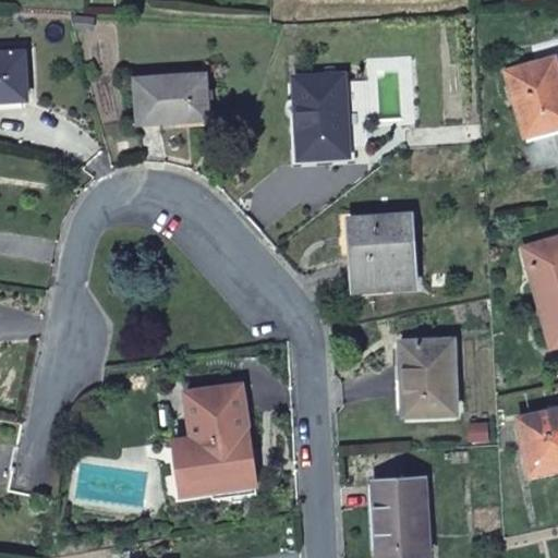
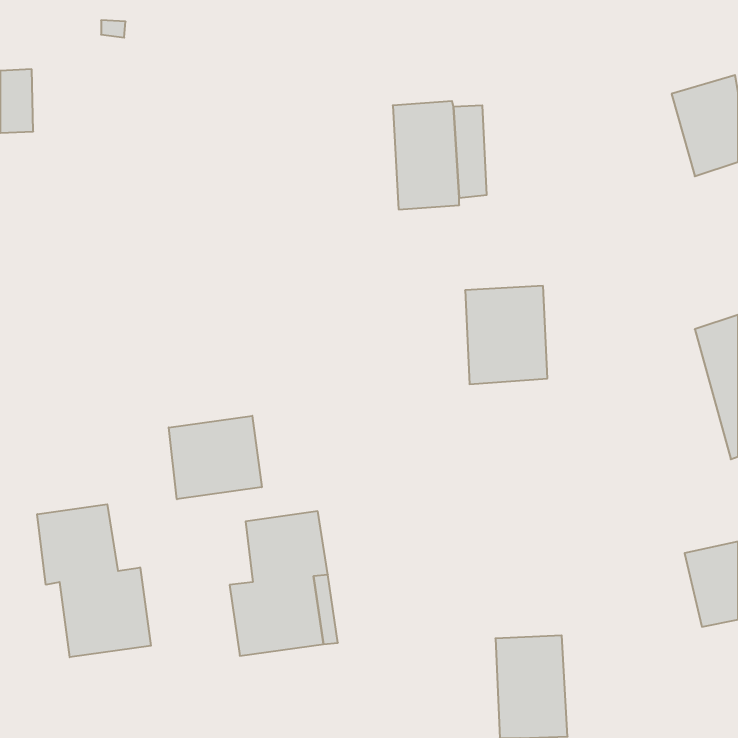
building: [136,75,207,123] -> none
building: none -> [169,416,262,499]
building: [401,341,456,414] -> none
building: none -> [37,504,151,657]

